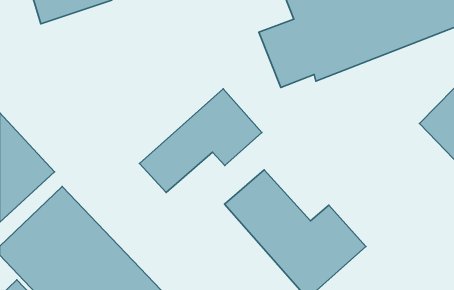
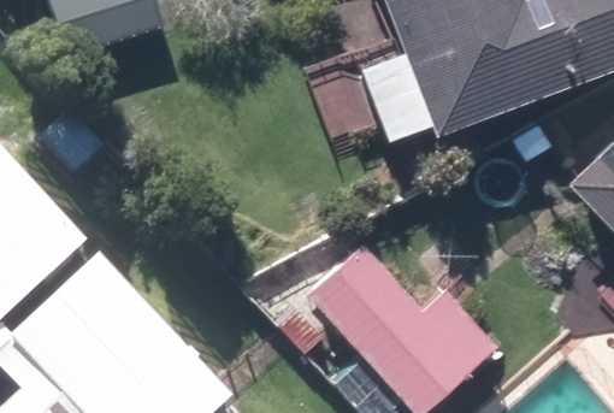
building: [140,89,262,193] -> none

